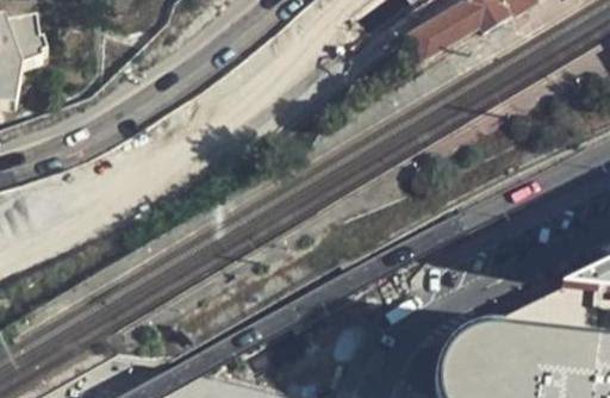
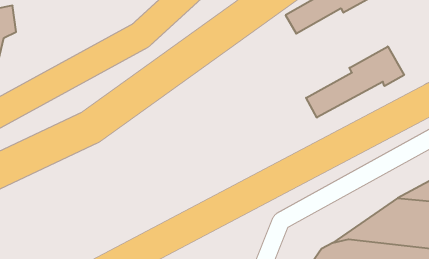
building: none -> [306,46,404,118]

